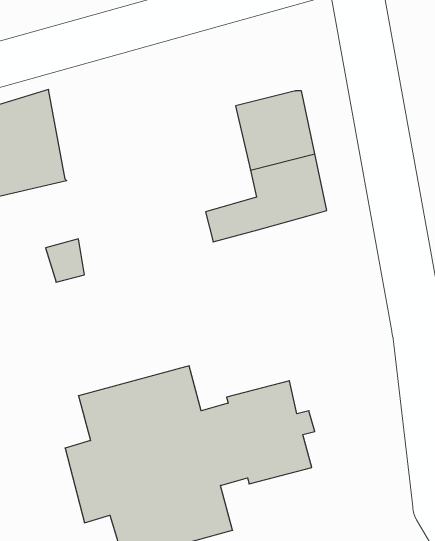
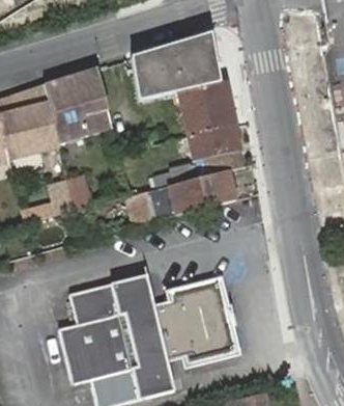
building: none -> [132,31,220,103]
building: none -> [49,69,113,143]
building: none -> [124,169,233,226]

